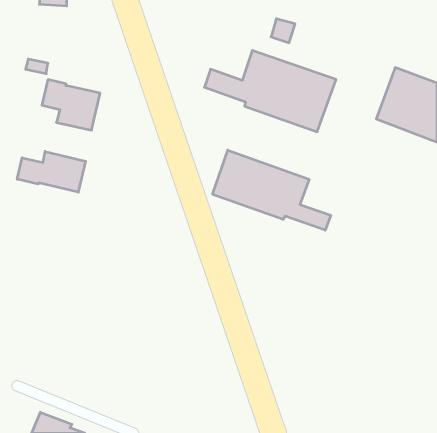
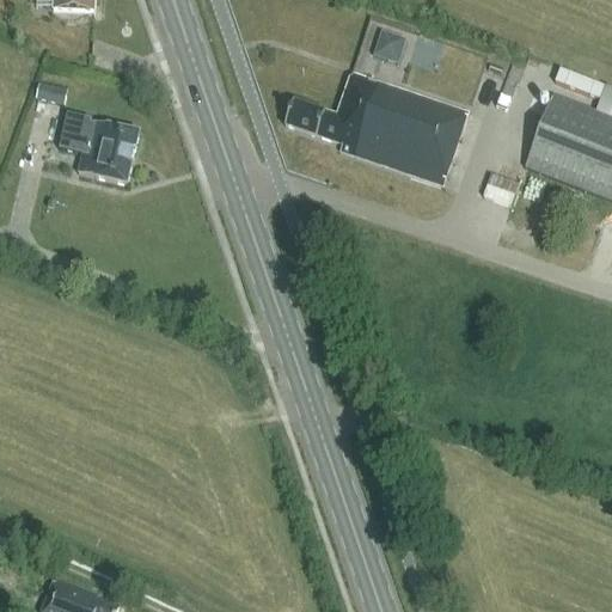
building: [213,150,331,230] -> none
building: [17,151,86,192] -> none

